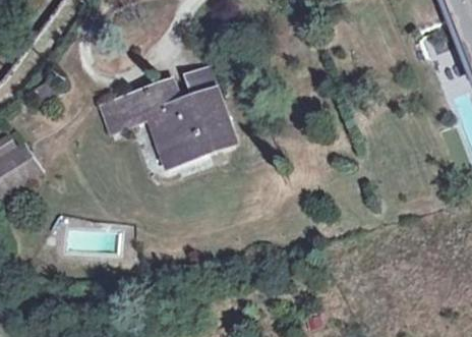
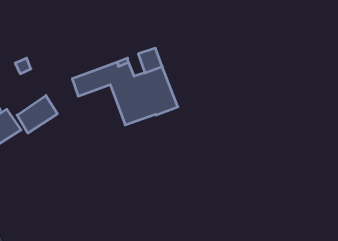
building: none -> [17,95,57,133]

